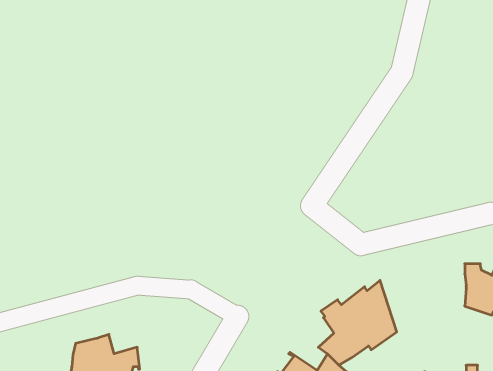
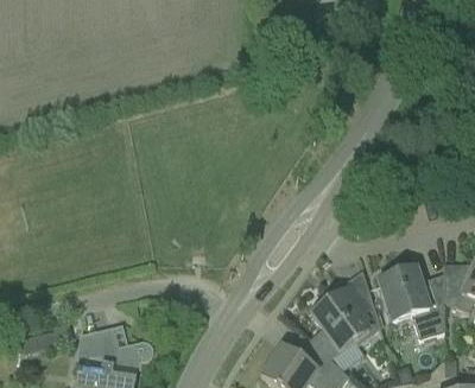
building: none -> [379,267,444,338]

